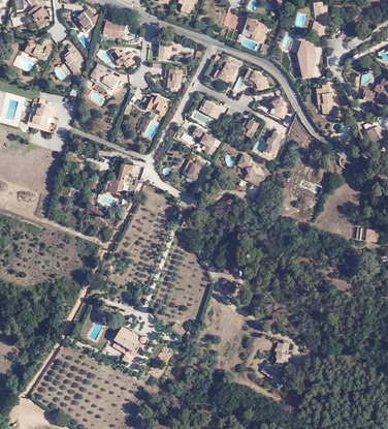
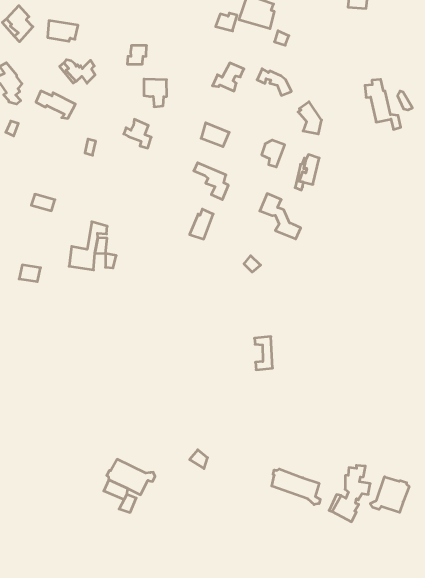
building: [297,41,315,79] -> none
building: none -> [272,469,320,505]
building: none -> [370,477,409,512]

